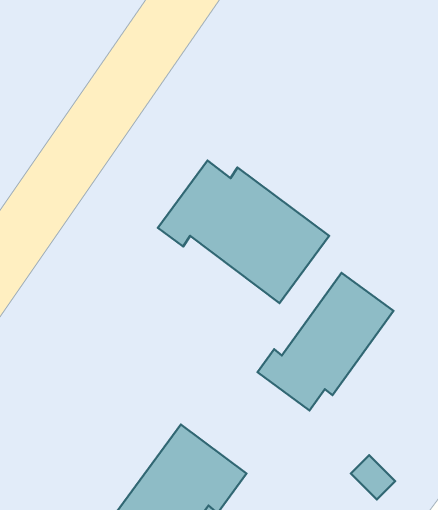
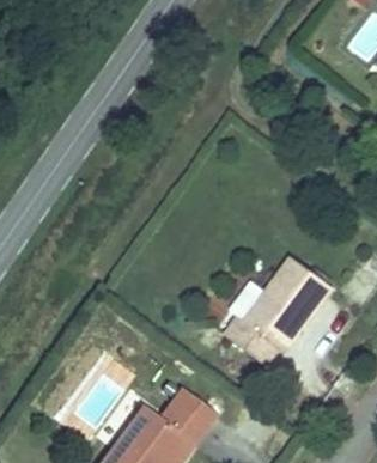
building: [158,161,329,303] -> none

